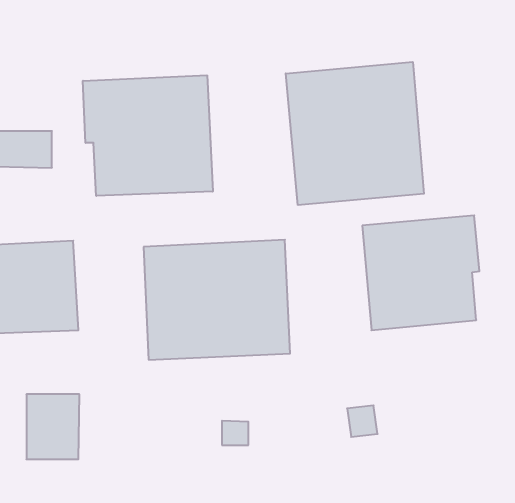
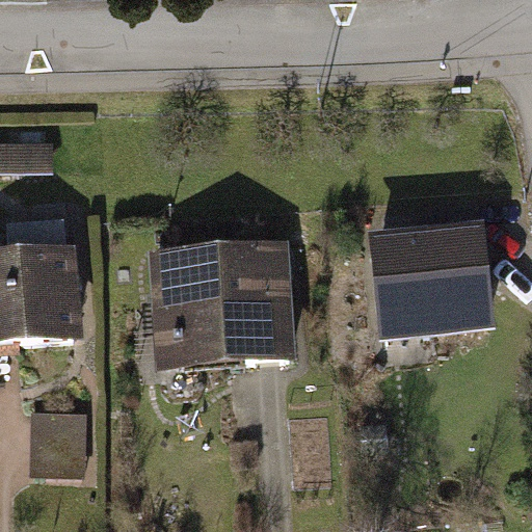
building: [286,62,424,205] -> none
building: [83,75,213,196] -> none

